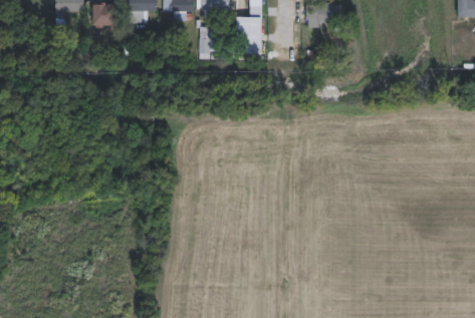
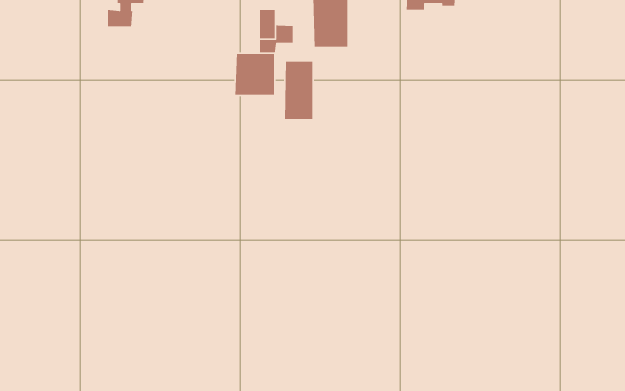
building: none -> [235,53,275,95]
building: none -> [284,61,313,120]

